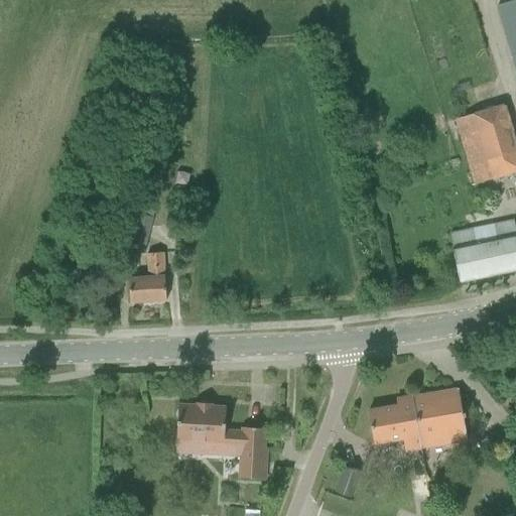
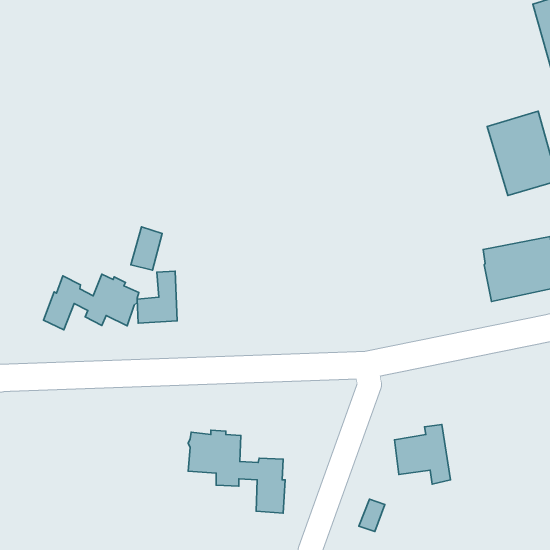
building: none -> [44,274,139,330]
building: [414,388,466,447] -> none

